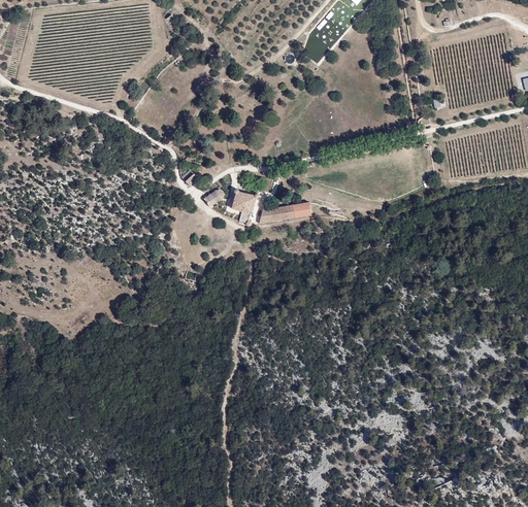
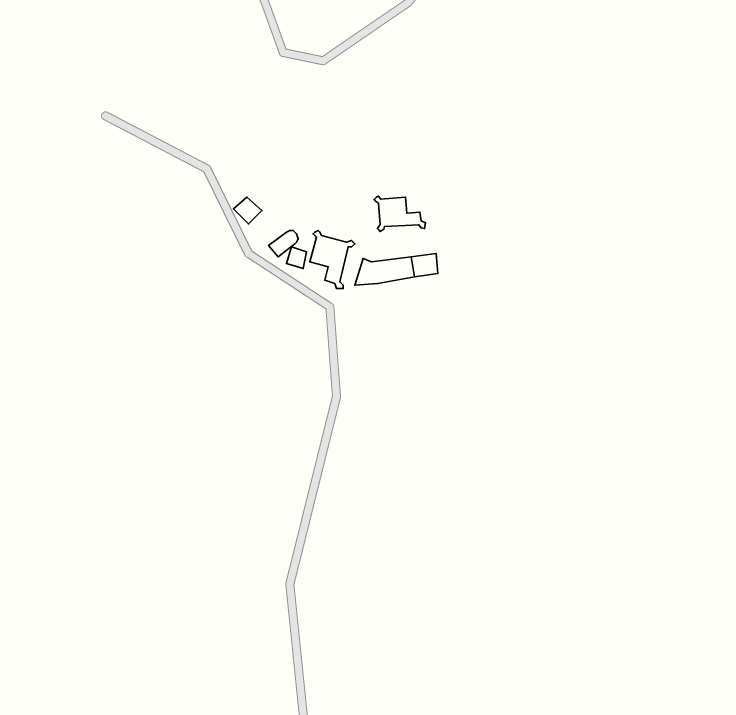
building: none -> [374,196,426,232]

